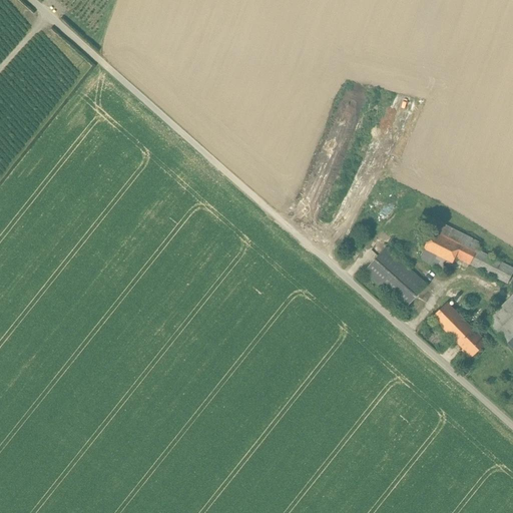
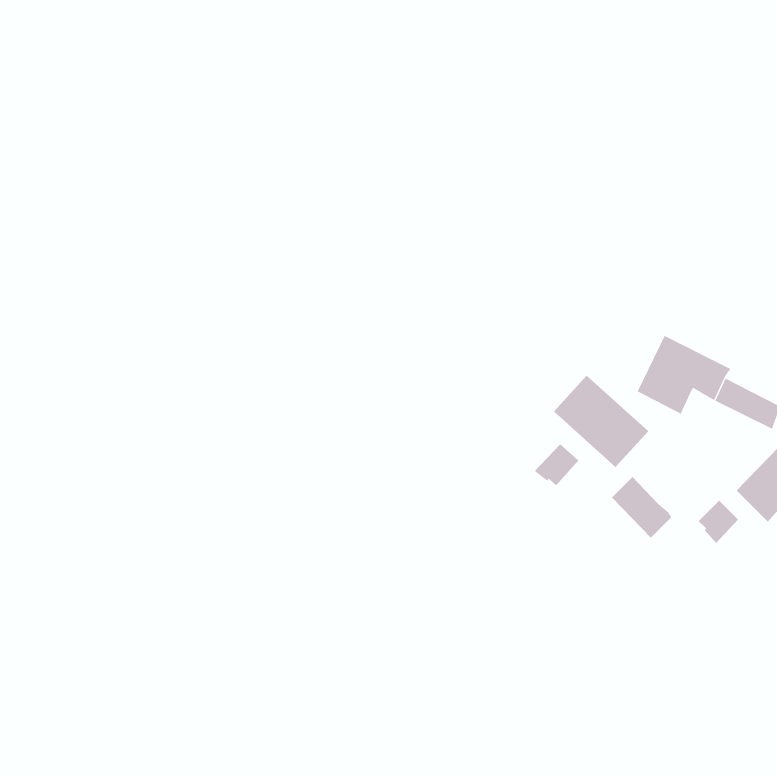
building: none -> [534,443,579,486]
building: [434,302,474,343] -> [611,476,672,538]

